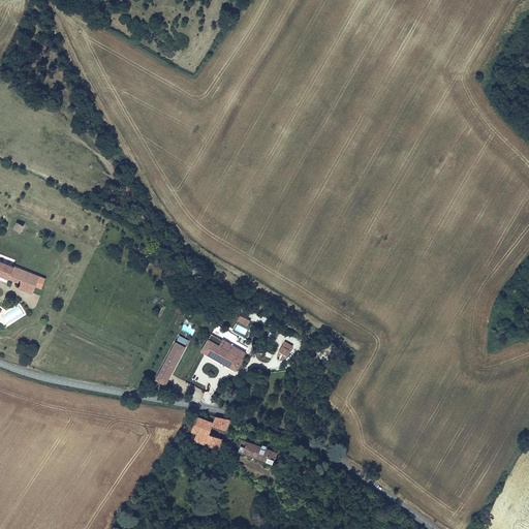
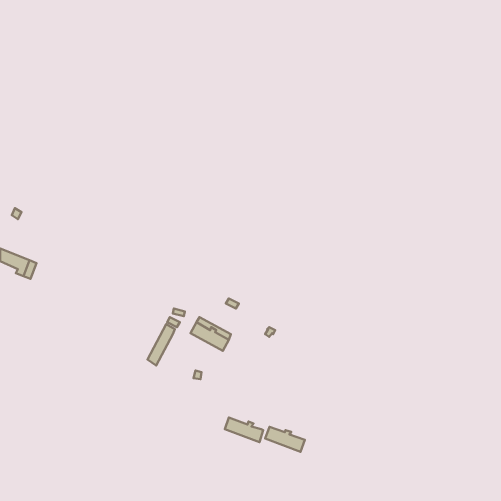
building: [182,416,228,450] -> none
building: none -> [265,427,305,452]

